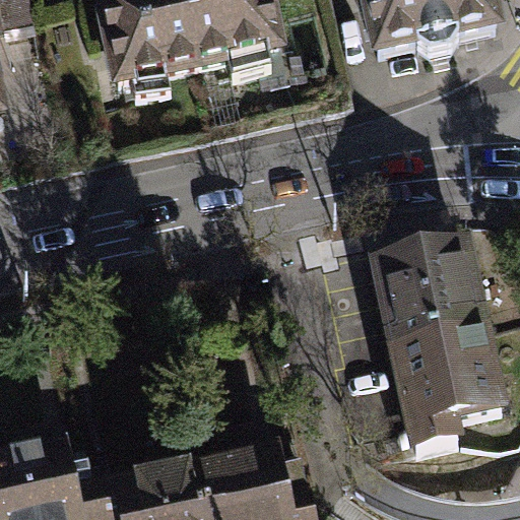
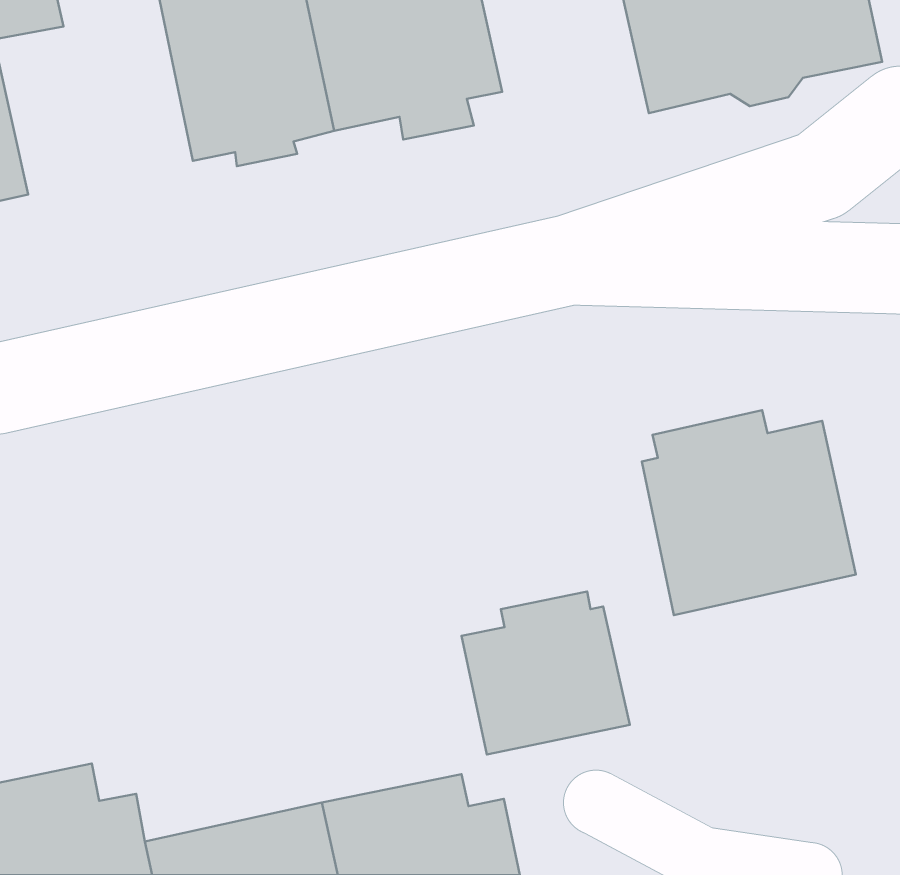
building: [387,330,510,458] -> none
building: none -> [461,591,630,755]

